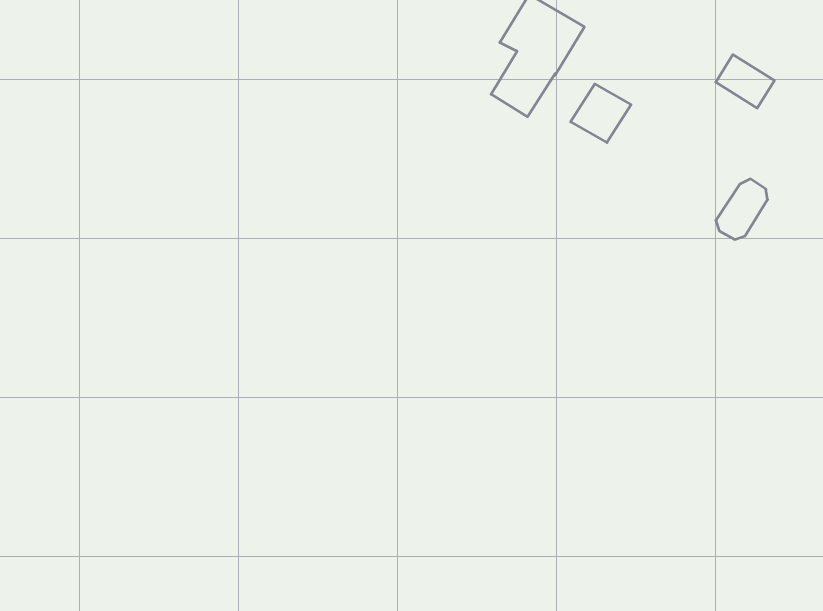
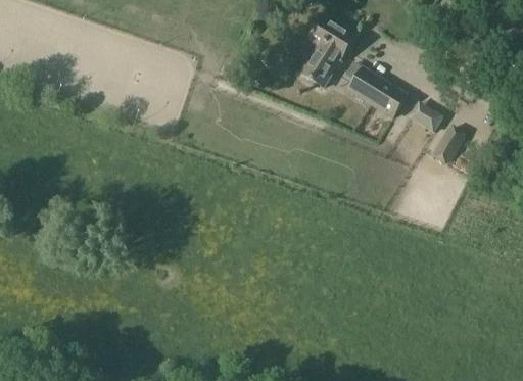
building: [716,55,774,108] -> [408,101,442,133]
building: none -> [369,81,406,117]

